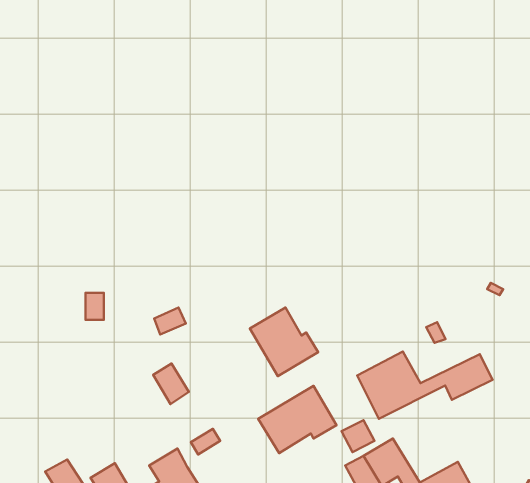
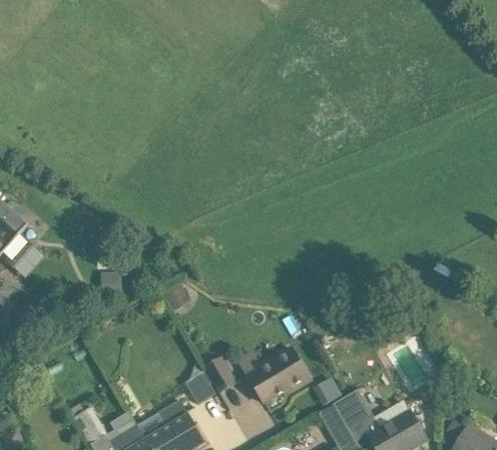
building: [250,308,318,376] -> none
building: [357,351,493,419] -> none
building: [153,364,189,404] -> [204,358,233,391]

